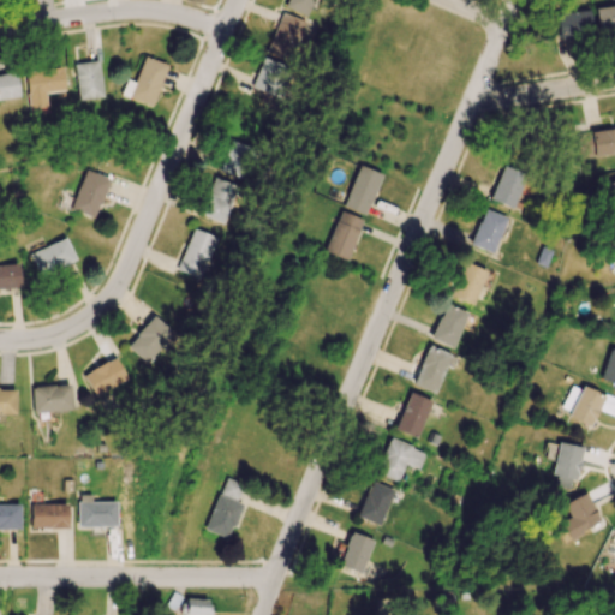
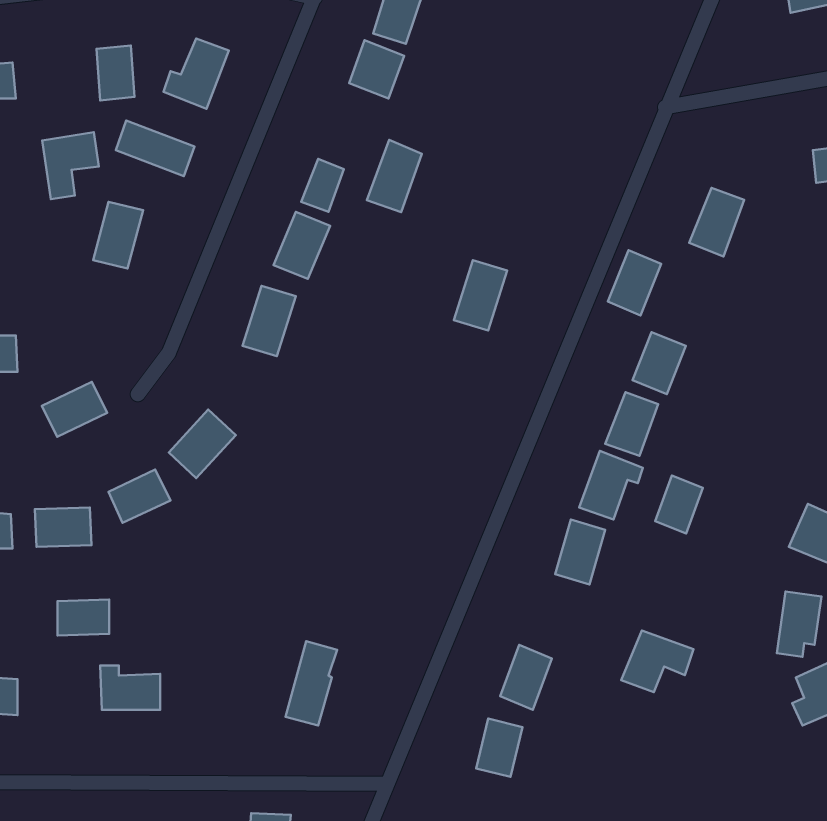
building: [26,66,66,113] -> [42,132,99,199]
building: none -> [116,120,194,176]
building: [345,165,383,215] -> [367,140,422,212]
building: [472,208,509,253] -> [608,250,661,315]
building: [31,238,77,276] -> [42,382,107,437]
building: none -> [655,476,703,533]
building: [377,438,428,482] -> [621,630,693,692]
building: [34,503,70,529] -> [58,600,109,636]

